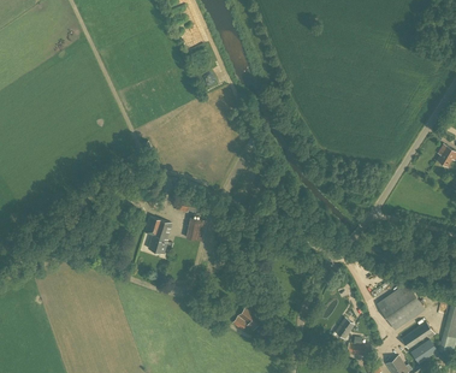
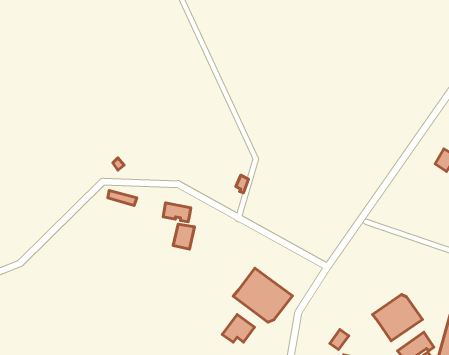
building: [143,214,171,253] -> none
building: none -> [233,268,293,322]

